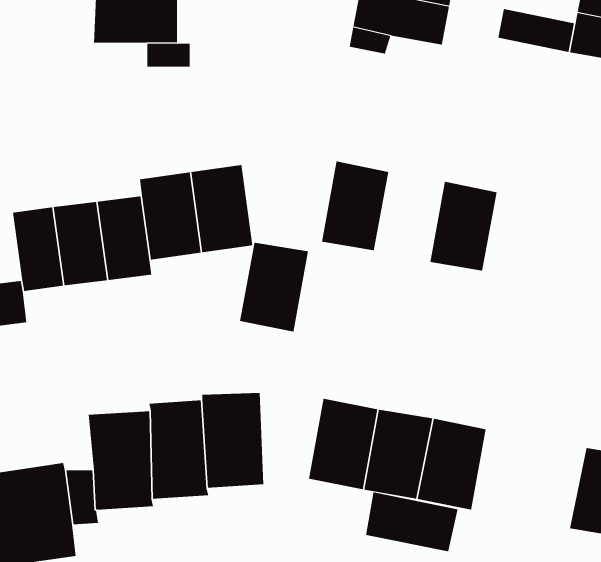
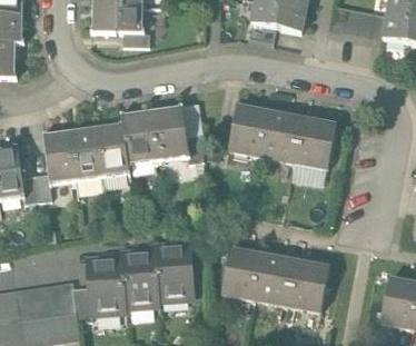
building: [239,242,309,332] -> [261,109,304,164]
building: [366,492,458,552] -> none

